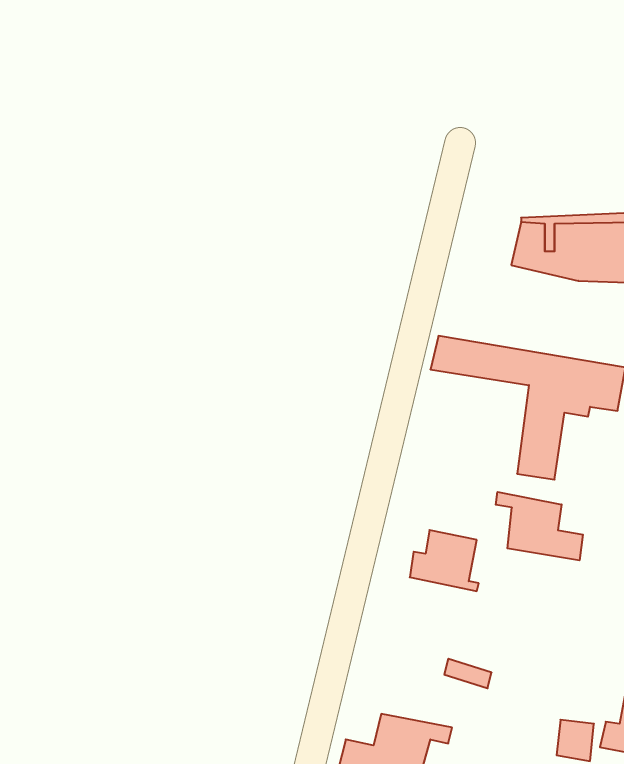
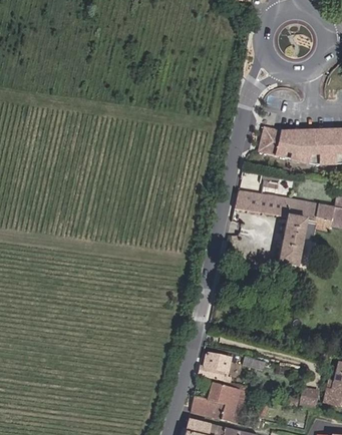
building: none -> [259,127,283,154]
building: [496,492,583,560] -> none
building: [410,530,479,591] -> [199,350,234,381]

